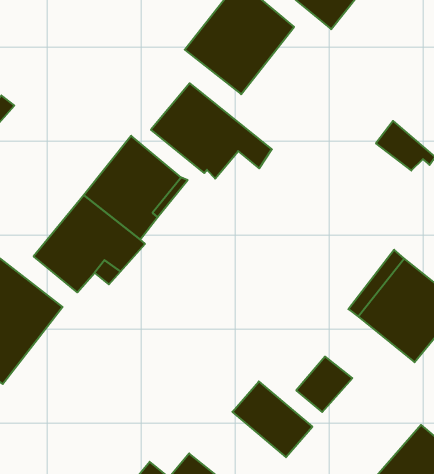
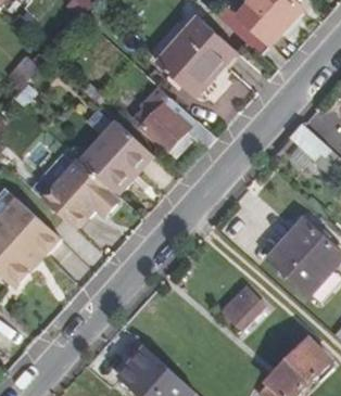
building: [232,381,312,457] -> none

